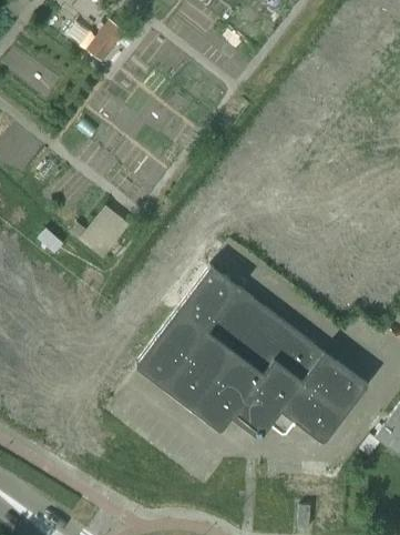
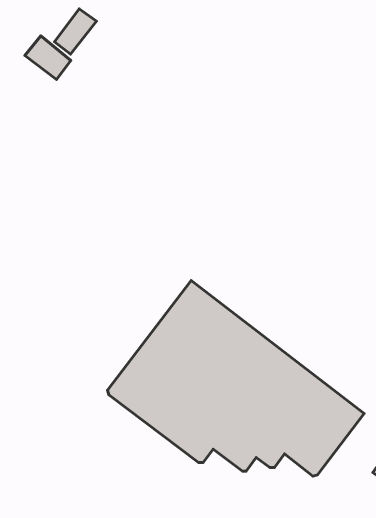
building: none -> [25,36,71,79]

